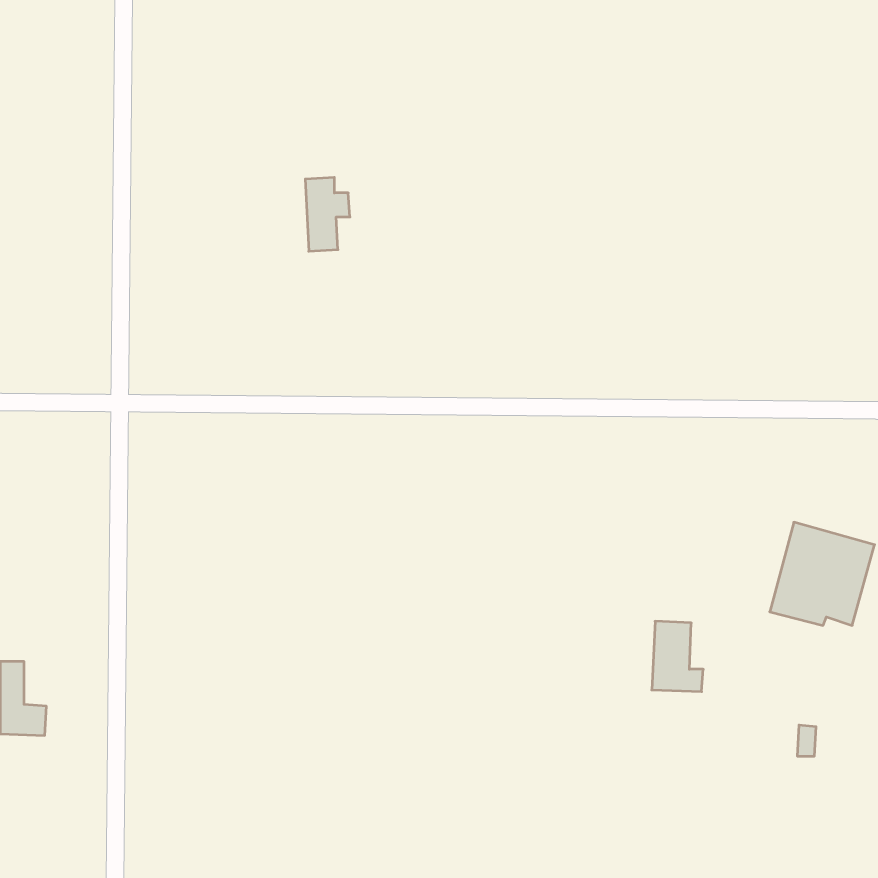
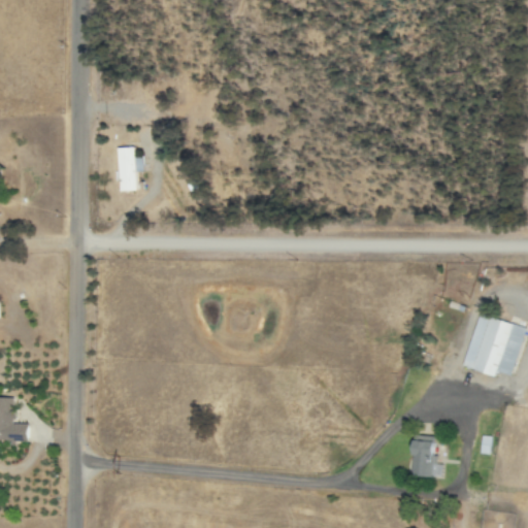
building: [305,177,350,251] -> [117,147,143,192]
building: [652,621,703,692] -> [412,435,443,477]

